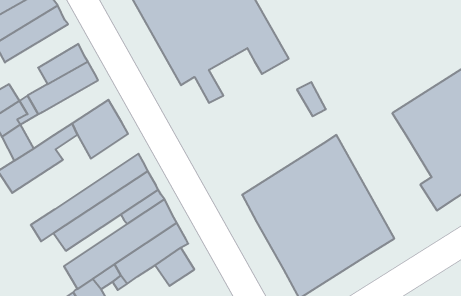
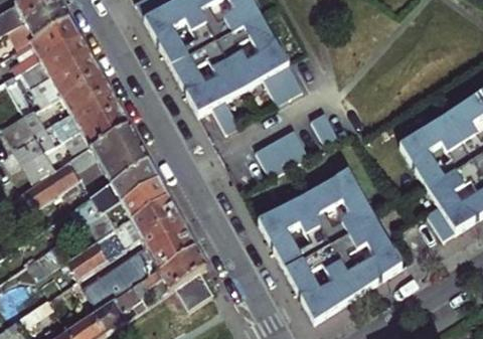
building: none -> [28,53,99,107]
building: none -> [63,108,128,161]
building: none -> [256,126,309,174]
building: none -> [64,160,157,233]

